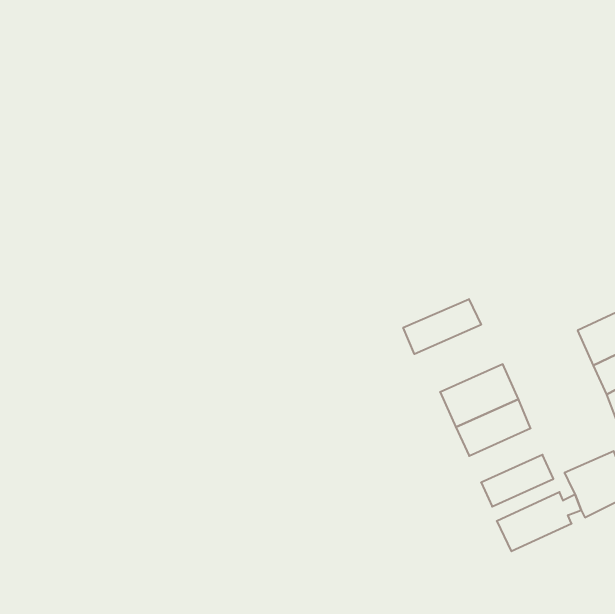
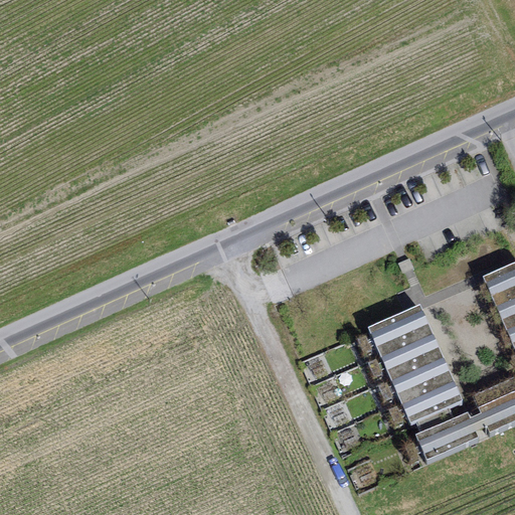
building: [403,299,481,354] -> none
building: none -> [392,357,454,402]

